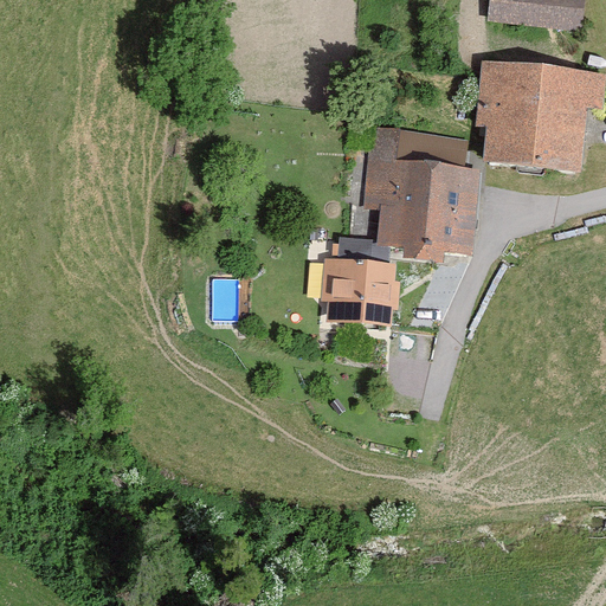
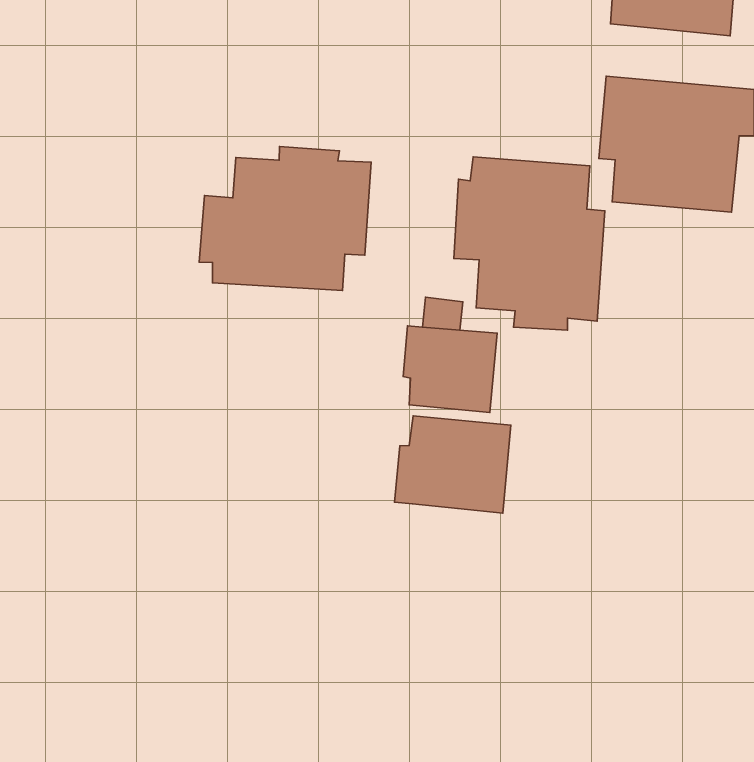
building: none -> [199,146,371,291]
building: none -> [394,416,511,513]

